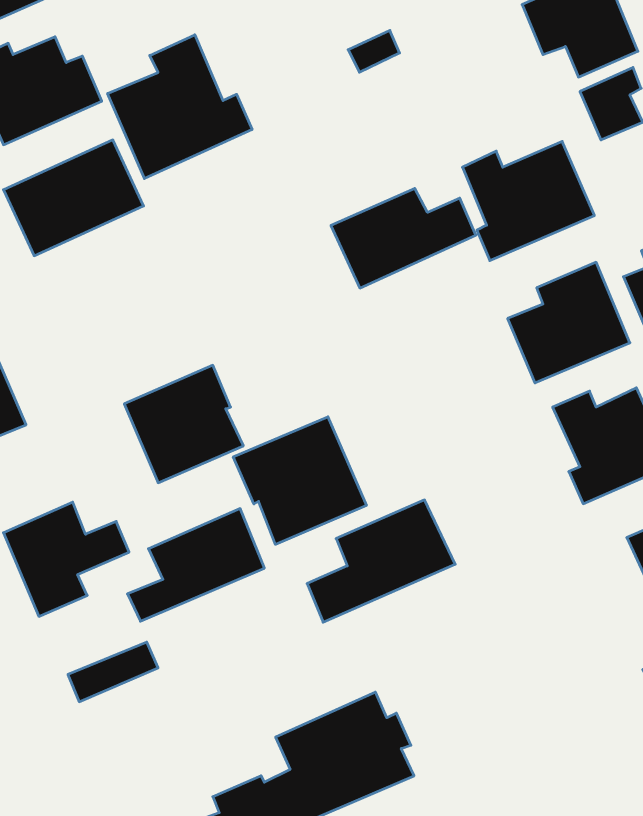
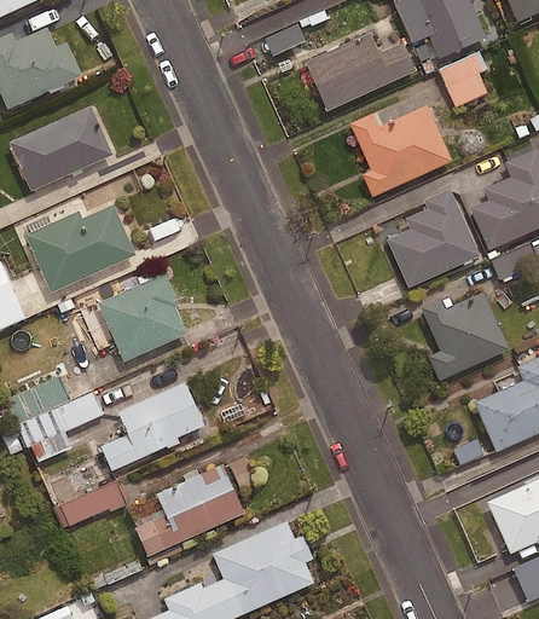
building: [108,35,252,179] -> none
building: [331,188,476,288] -> [306,36,415,111]
building: none -> [25,204,135,293]
building: [233,417,366,544] -> none
building: [307,500,455,622] -> [134,465,245,557]

